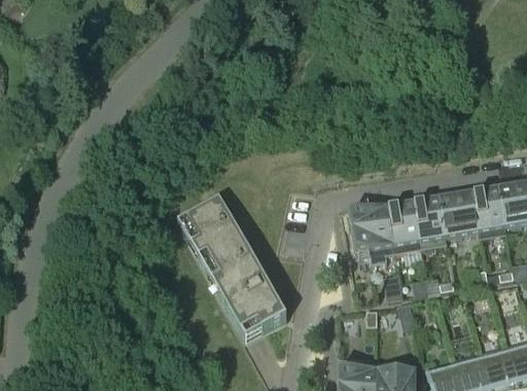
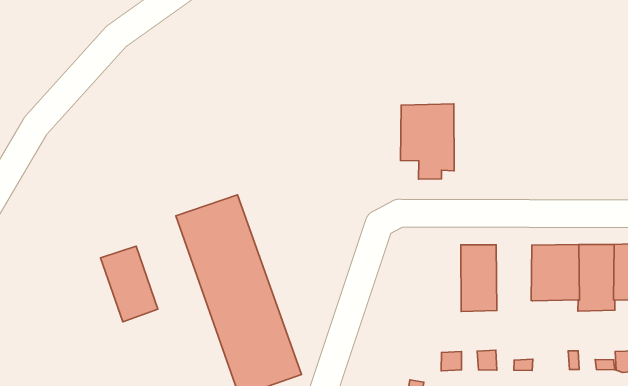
building: [413,193,447,245] -> none
building: [349,202,395,260] -> [400,104,454,179]
building: none -> [100,246,158,322]

